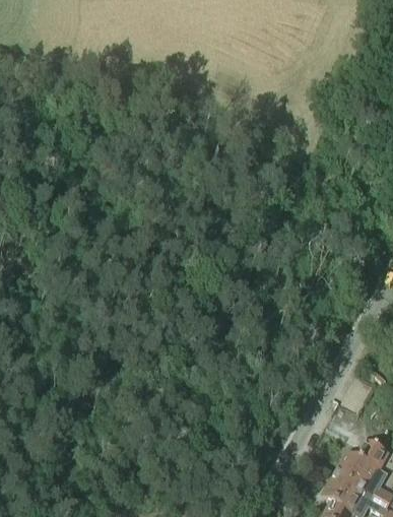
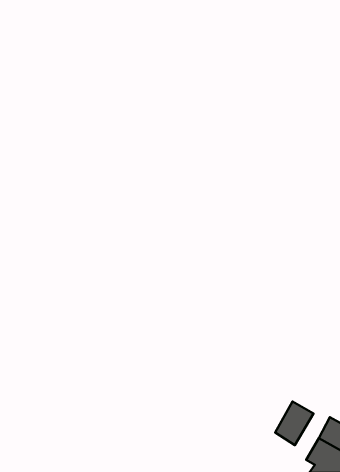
building: none -> [275,402,314,445]

